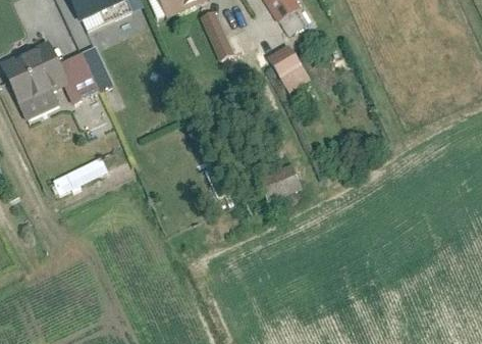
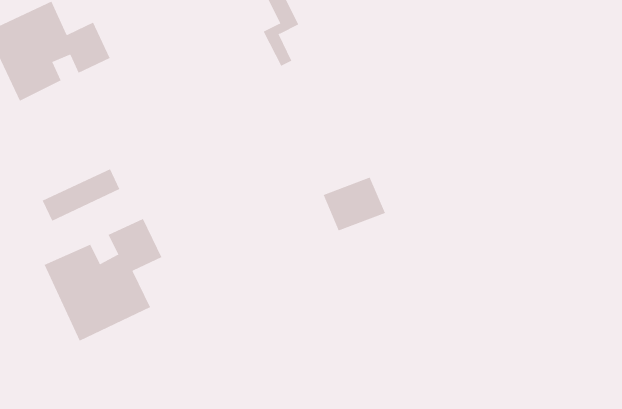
building: [265,50,298,83] -> none
building: none -> [44,218,162,341]

